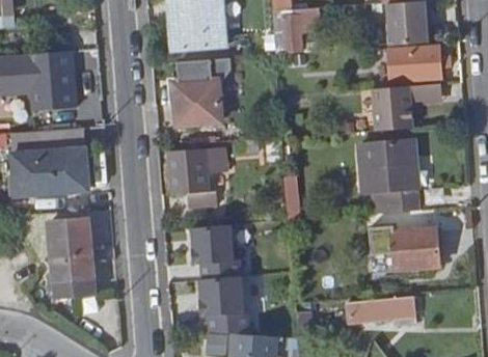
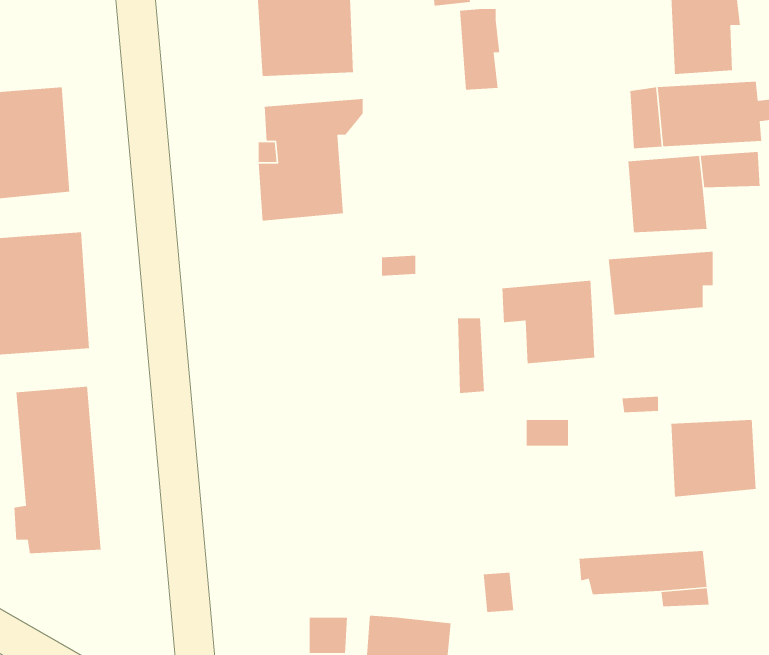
building: [168,145,229,204] -> none
building: [363,169,413,214] -> [501,280,595,364]
building: [191,223,248,333] -> none

